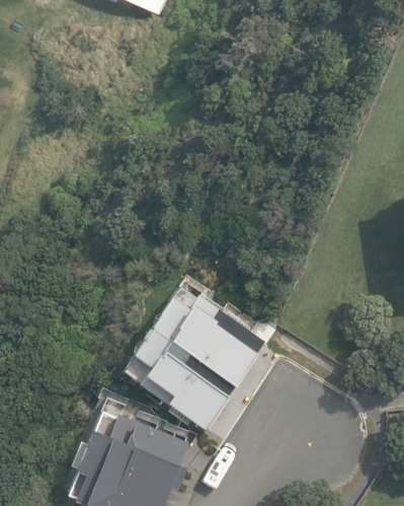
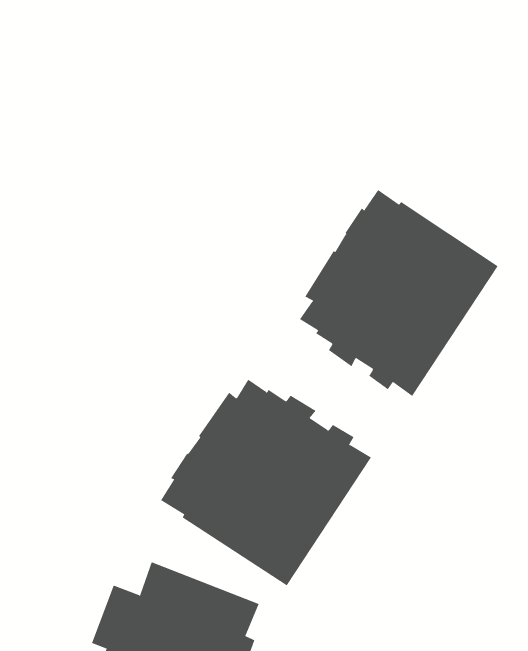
building: none -> [299,189,499,397]

